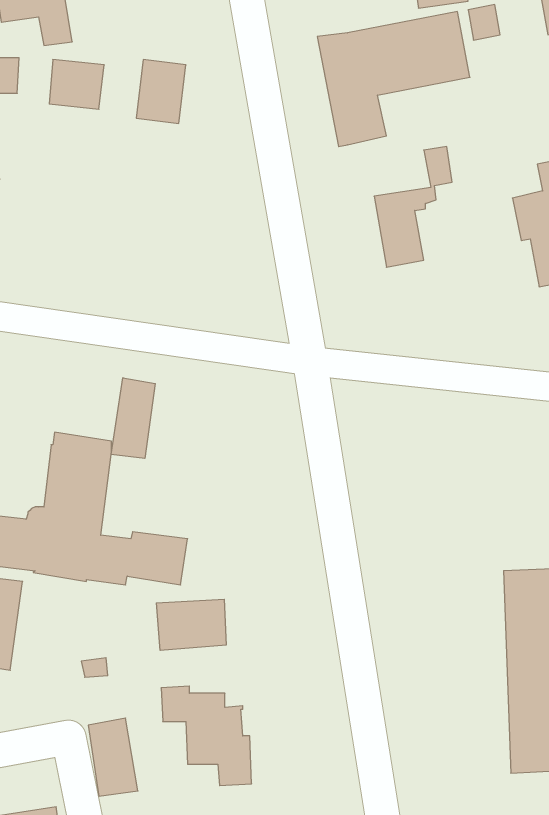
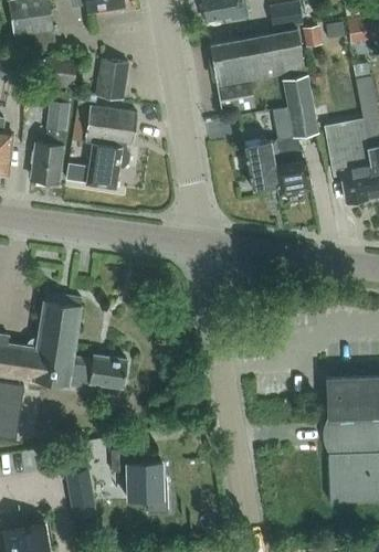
building: none -> [270,76,318,193]
building: none -> [31,97,71,185]
building: none -> [72,103,137,189]
building: [111,378,155,458] -> none
building: [156,599,226,650] -> none

